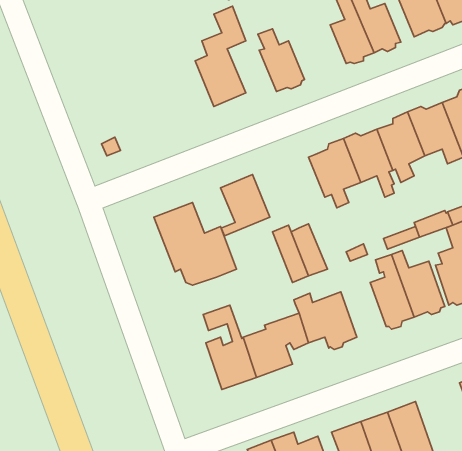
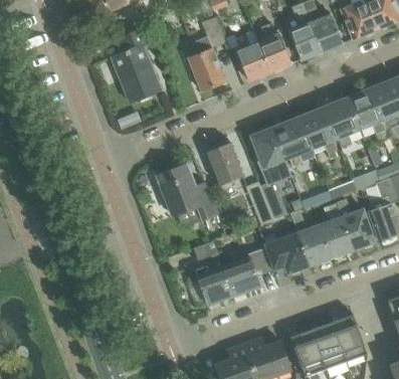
building: none -> [257,23,291,72]
building: none -> [111,27,161,103]
building: none -> [251,128,290,183]
building: none -> [290,211,331,265]

